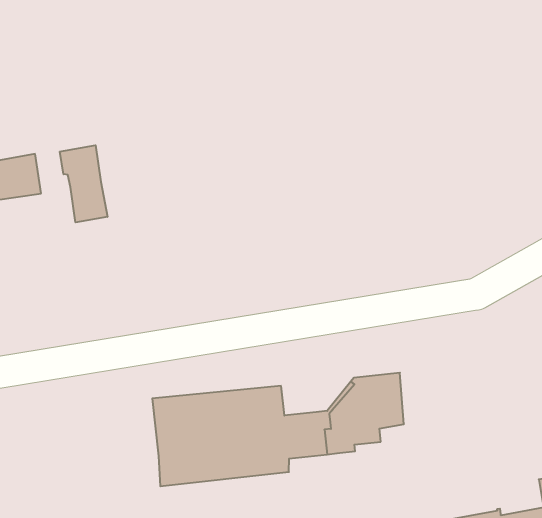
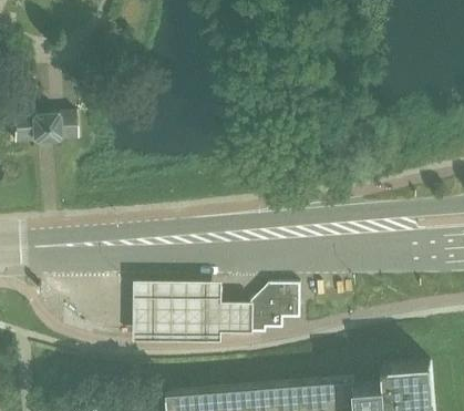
building: [60,145,107,222] -> none

